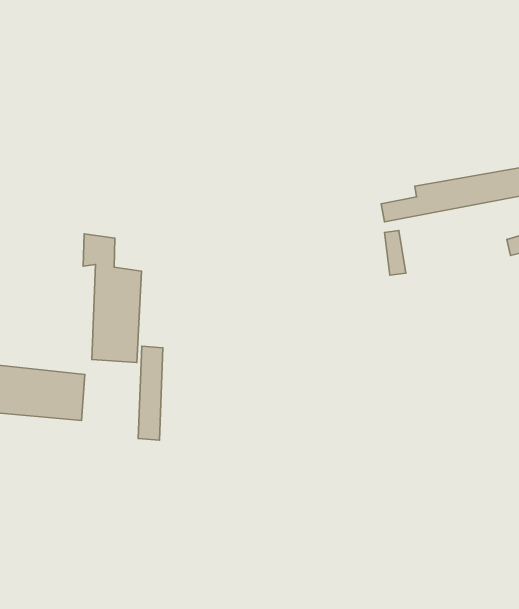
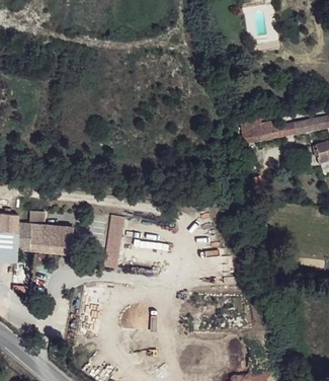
building: [83,234,141,363] -> none

